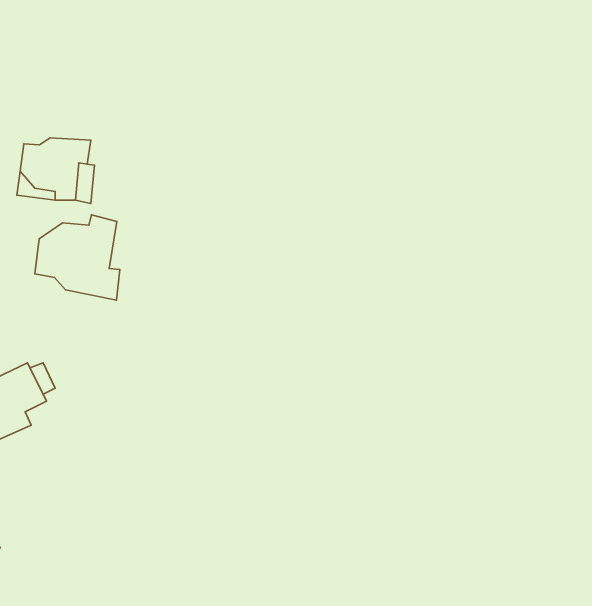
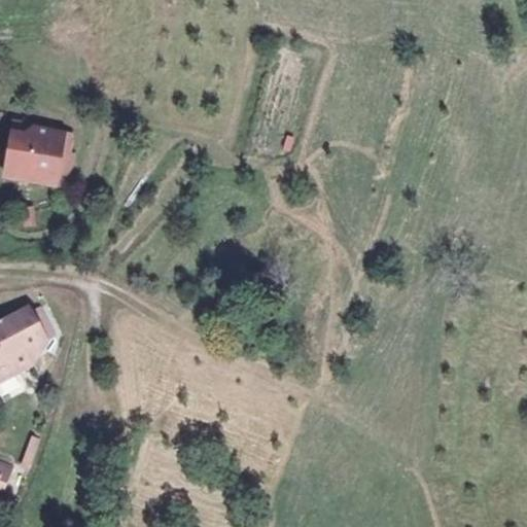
building: [35,215,120,300] -> none

